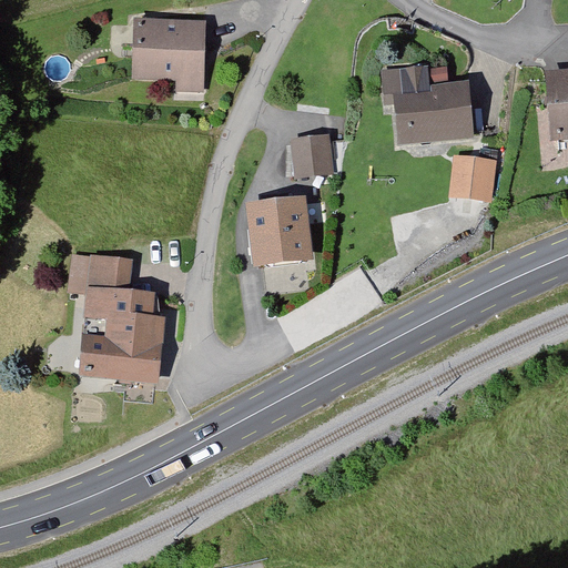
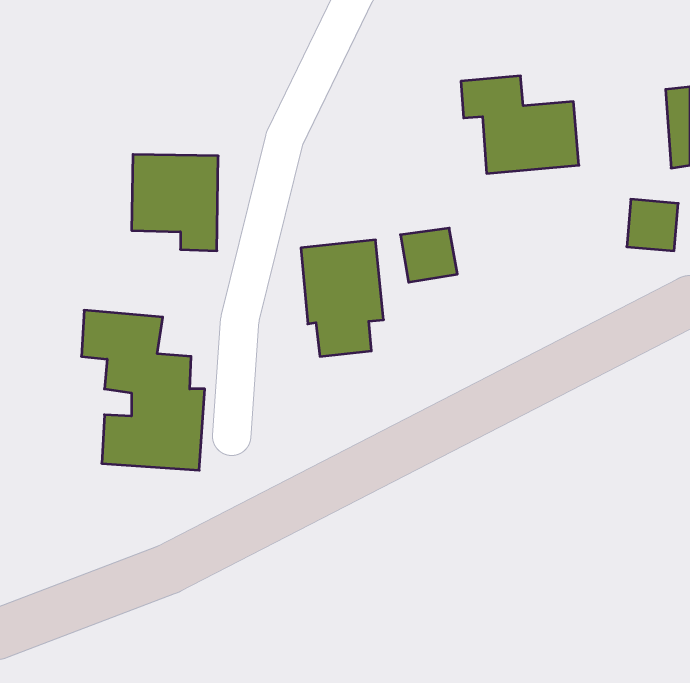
building: [132,16,203,94] -> [132,154,218,251]
building: [286,134,333,179] -> [400,228,457,282]
building: [449,153,491,195] -> [627,199,678,251]

